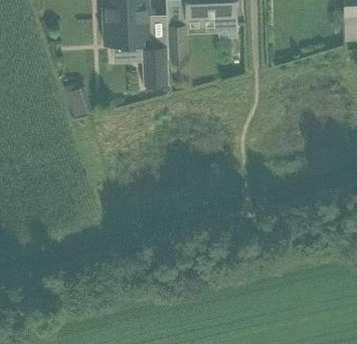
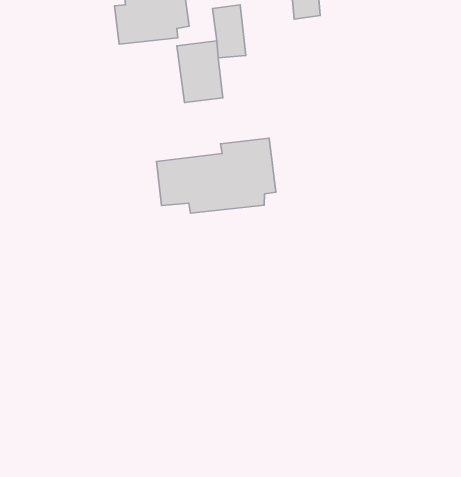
building: none -> [156,138,276,213]

